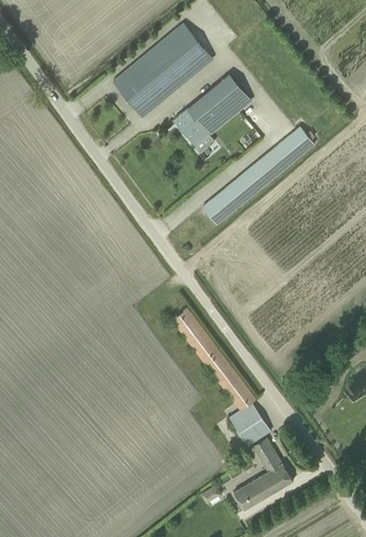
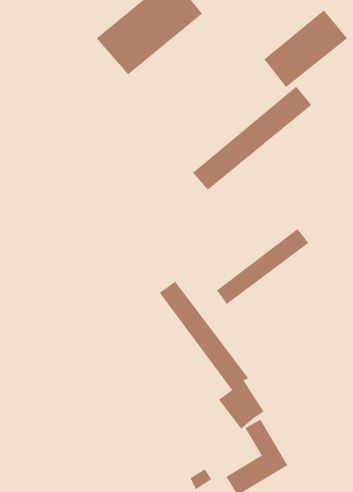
building: [174,73,253,147] -> [263,9,348,88]
building: none -> [216,228,309,305]

